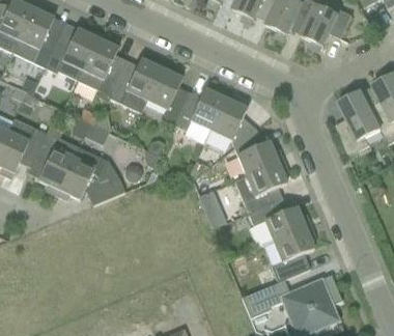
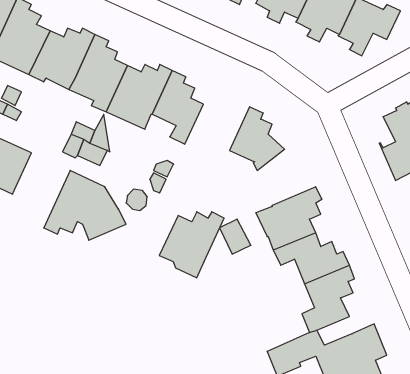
building: [172,88,226,143] -> [159,212,224,278]
building: [232,129,281,175] -> none
building: [29,132,77,194] -> none

